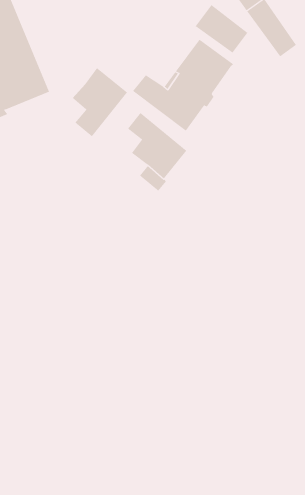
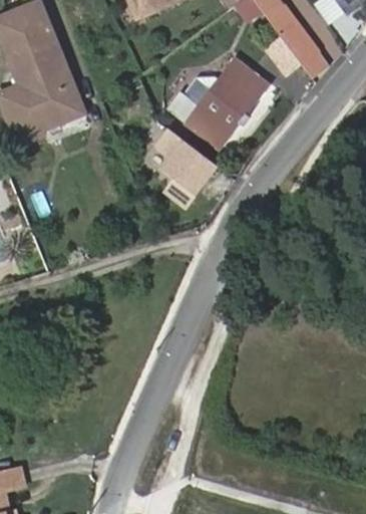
building: [195,4,248,53] -> none
building: [72,67,128,137] -> none

